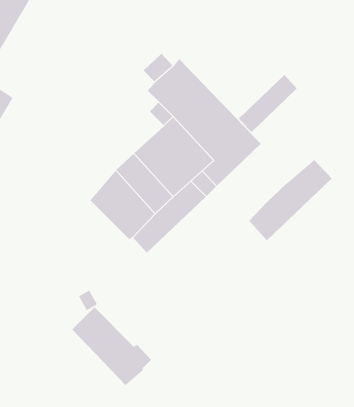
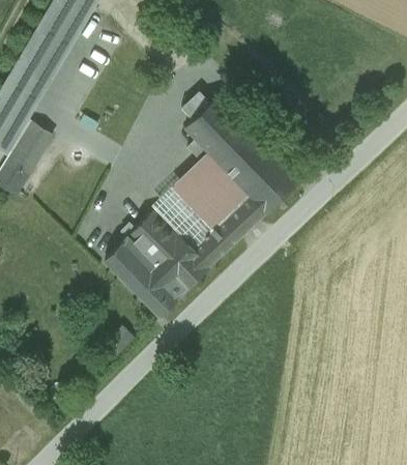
building: [238,74,298,133] -> none
building: [248,159,333,241] -> none
building: [71,306,152,386] -> [101,238,181,317]

